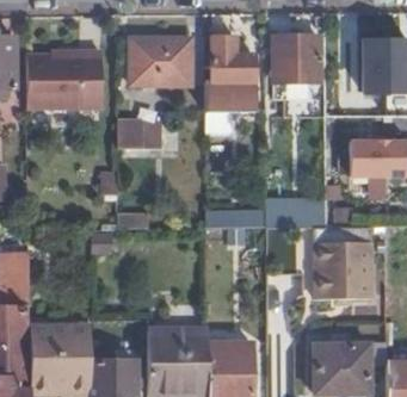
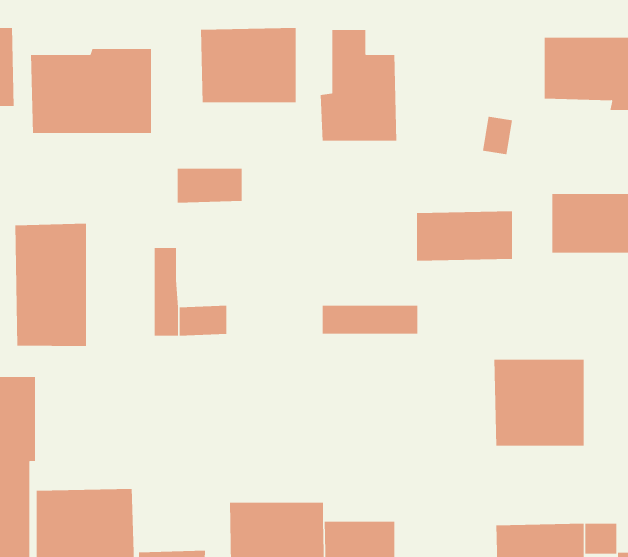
building: [275,37,320,81] -> none
building: none -> [15,223,87,347]
building: [266,197,326,228] -> [416,211,513,261]

